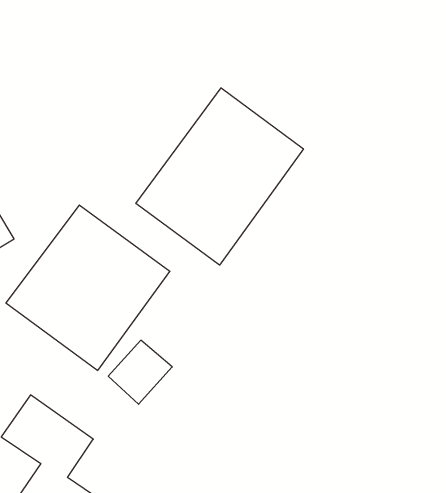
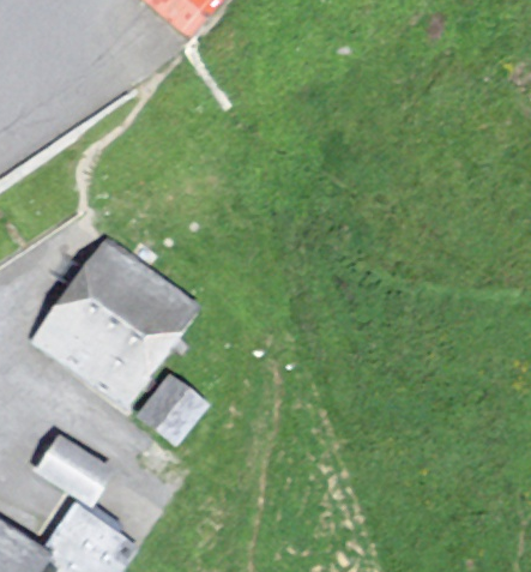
building: [136,88,303,265] -> none

